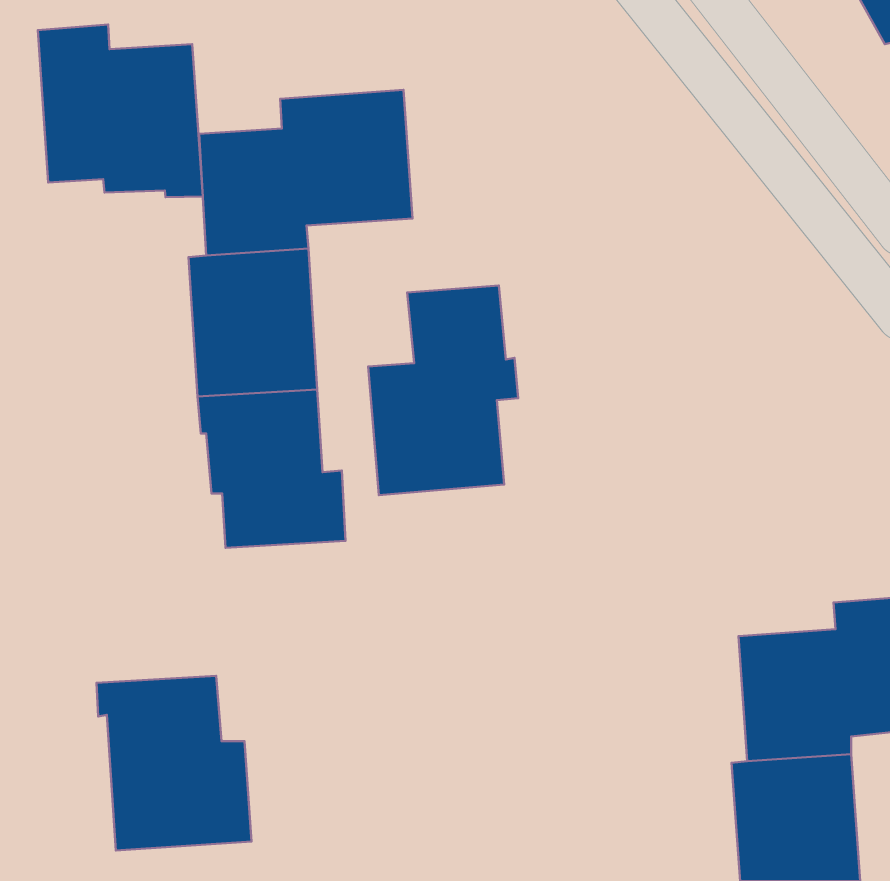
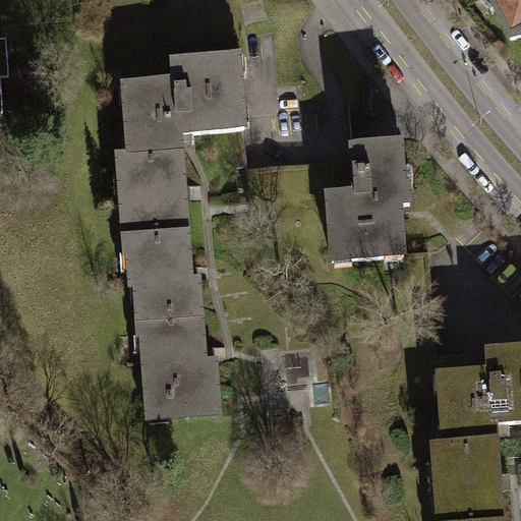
building: [38,25,203,197] -> none
building: [368,286,518,495] -> [317,139,404,260]
building: [96,676,251,850] -> [136,312,226,413]

